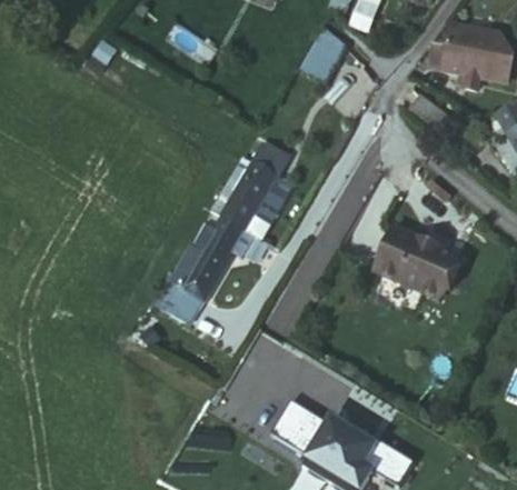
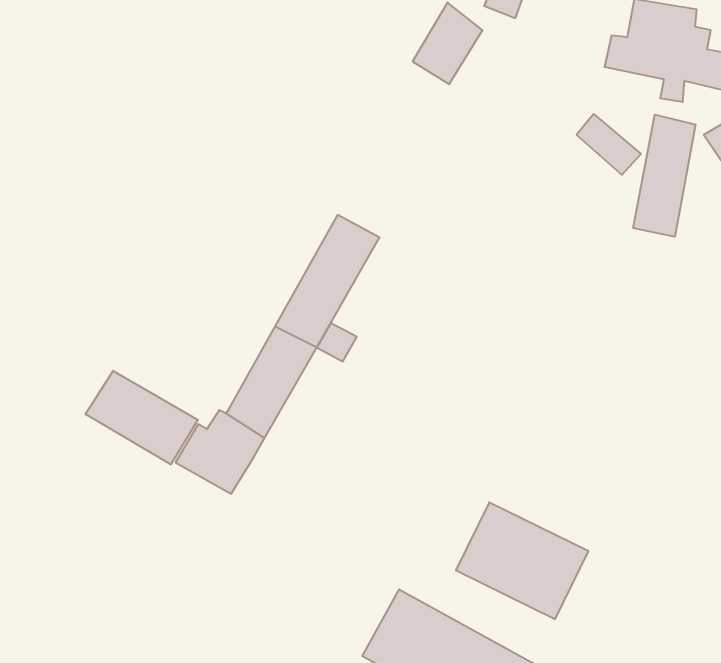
building: none -> [633,115,696,237]
building: [371,226,456,300] -> [456,502,588,619]
building: none -> [85,371,198,465]

